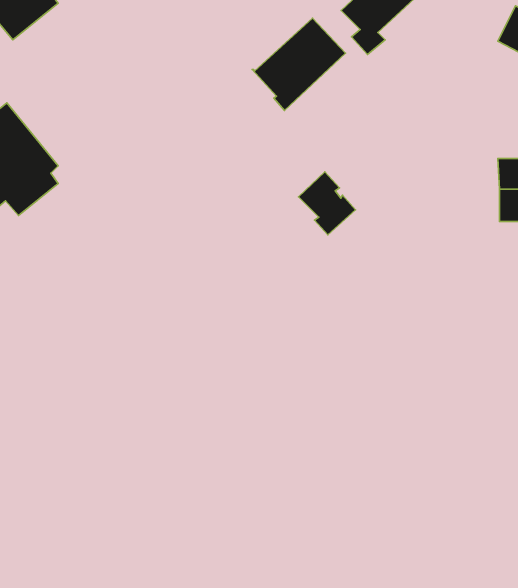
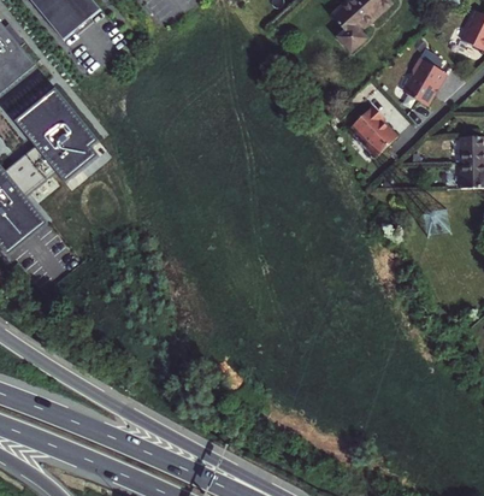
building: [252,18,346,111] -> none
building: none -> [402,55,442,104]
building: [298,172,356,235] -> [352,106,399,158]

